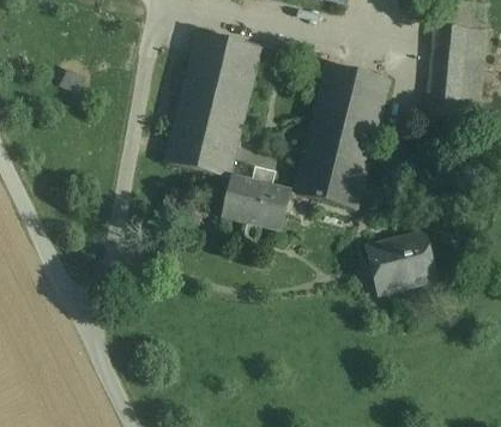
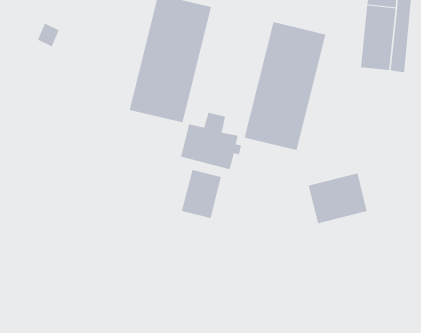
building: none -> [181,169,222,219]

